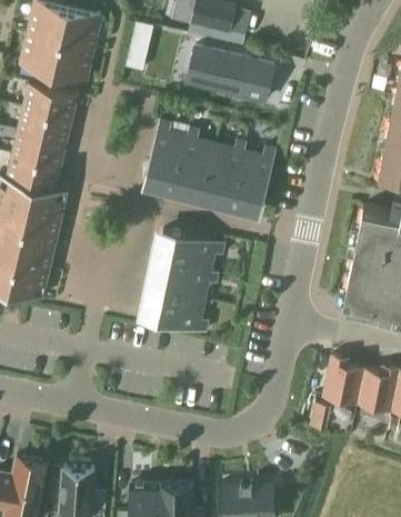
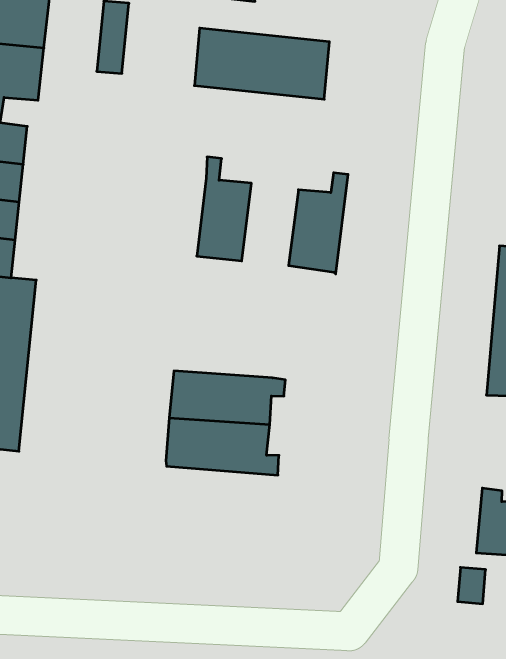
building: [143,122,186,190] -> none
building: [201,141,245,203] -> none
building: [150,229,225,272] -> none

